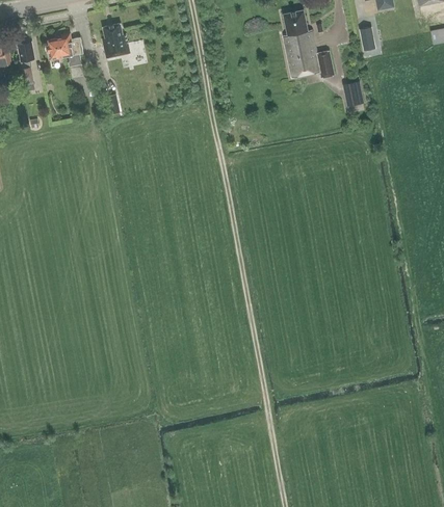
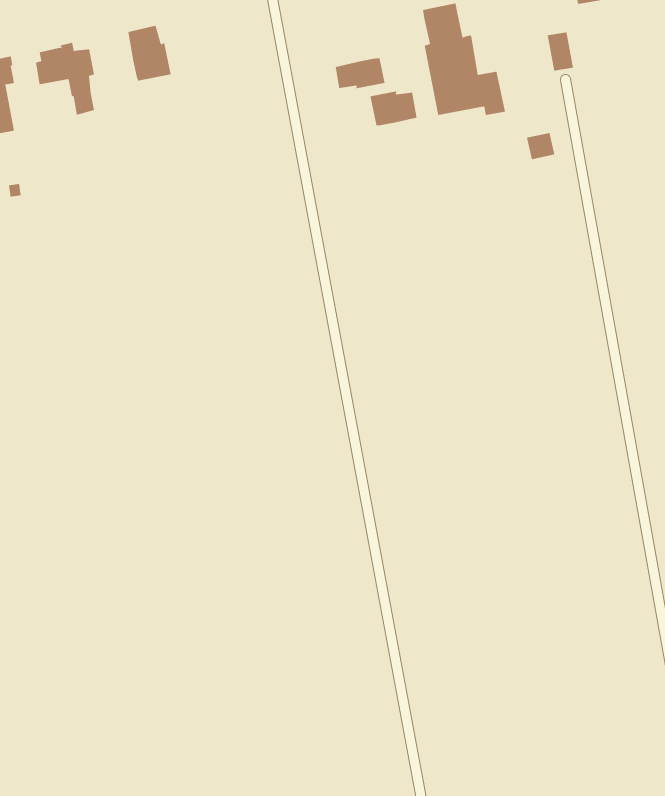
building: none -> [335,57,385,89]
building: none -> [370,90,417,126]

